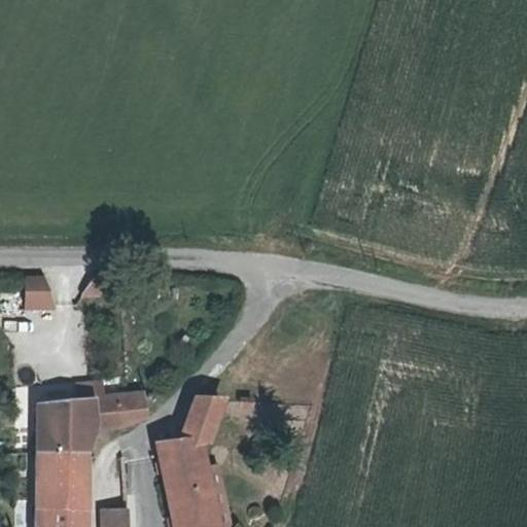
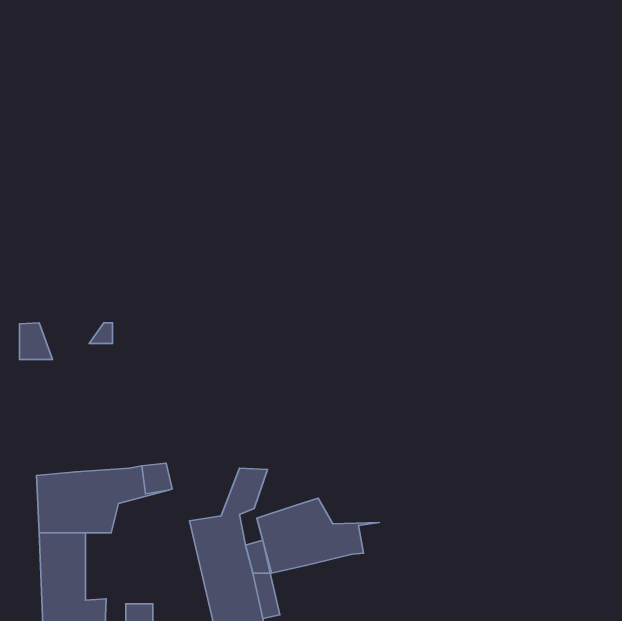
building: none -> [257,498,379,573]
building: [72,452,94,508] -> none

